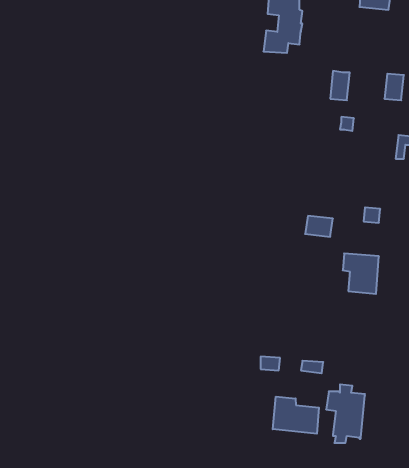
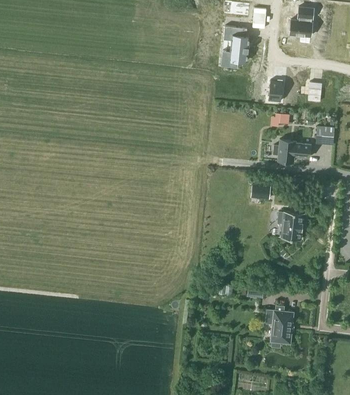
building: none -> [274,140,311,162]
building: [273,397,319,434] -> none

